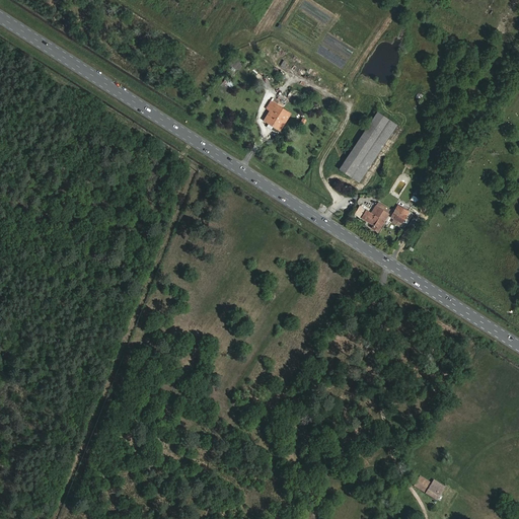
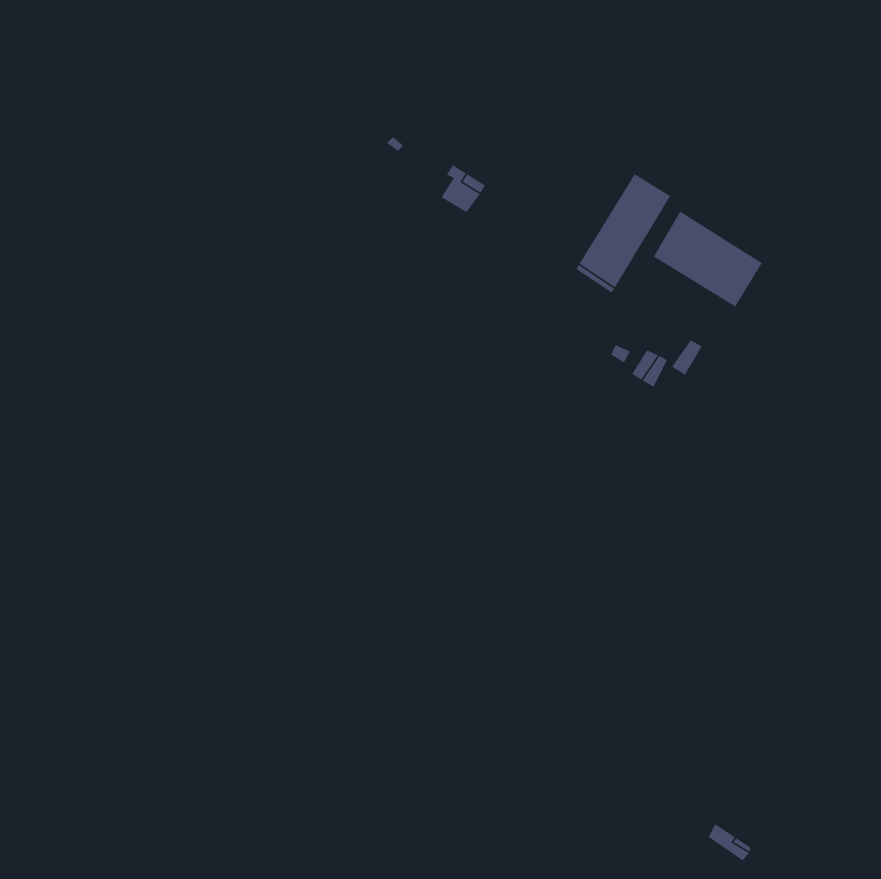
building: none -> [653,210,763,308]

